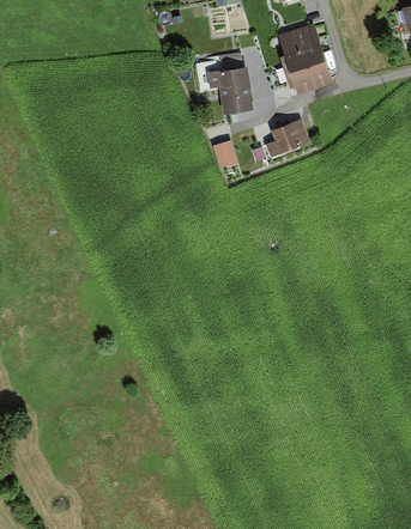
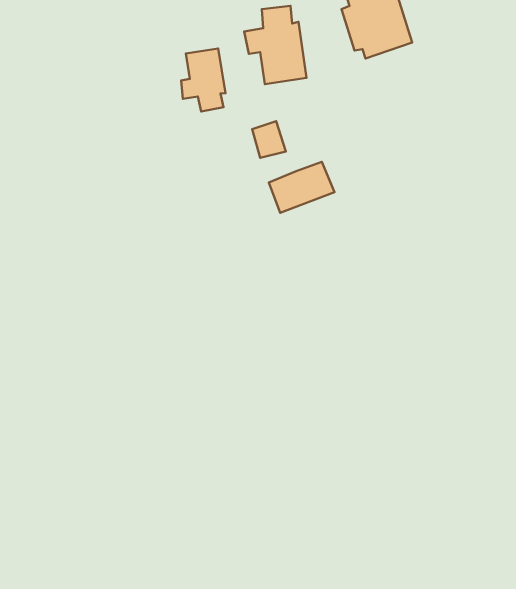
building: none -> [181,48,225,112]
building: [260,120,309,158] -> [269,162,335,213]

